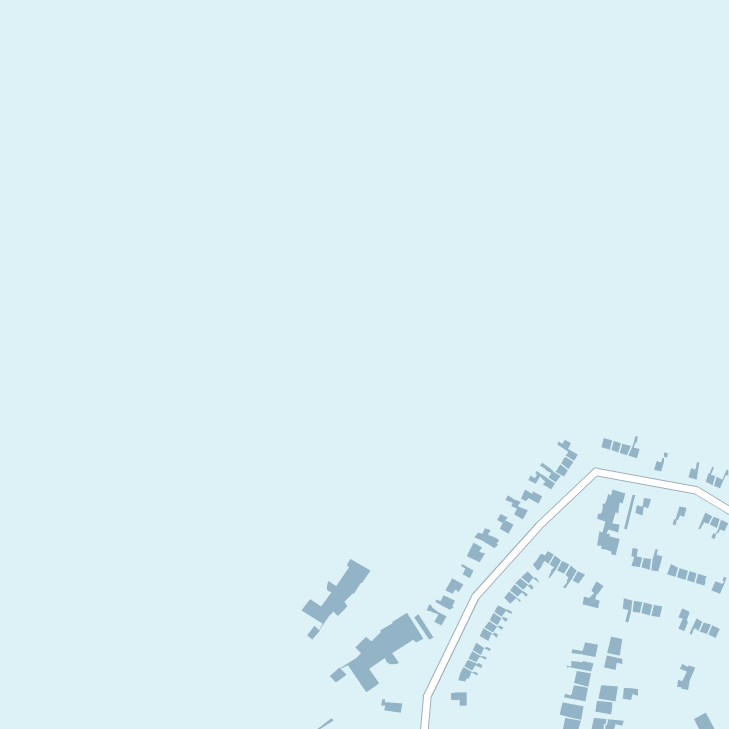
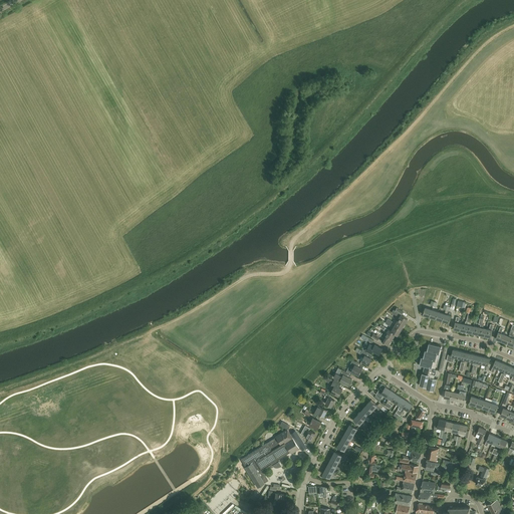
building: [301,558,372,640] -> none

